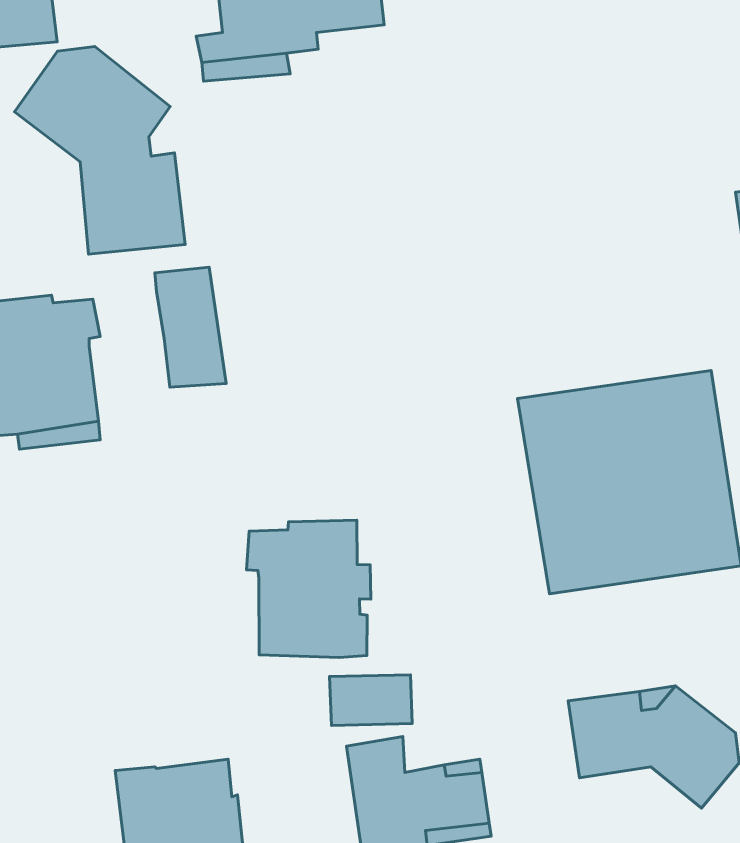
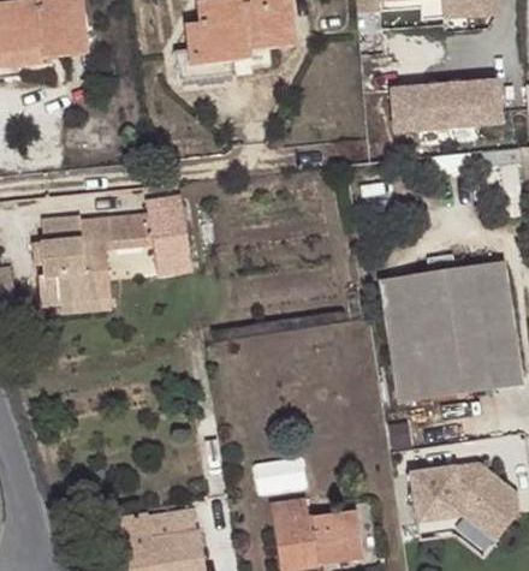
building: [15,46,185,254] -> none
building: none -> [391,81,501,132]
building: none -> [106,210,154,245]
building: [247,520,371,657] -> none

